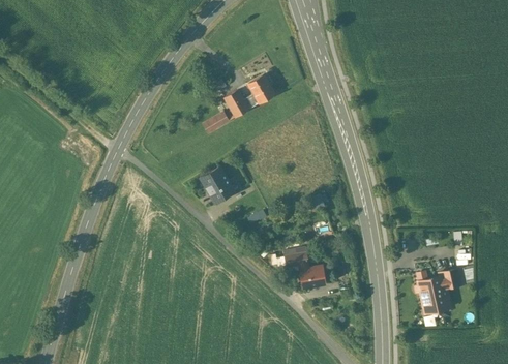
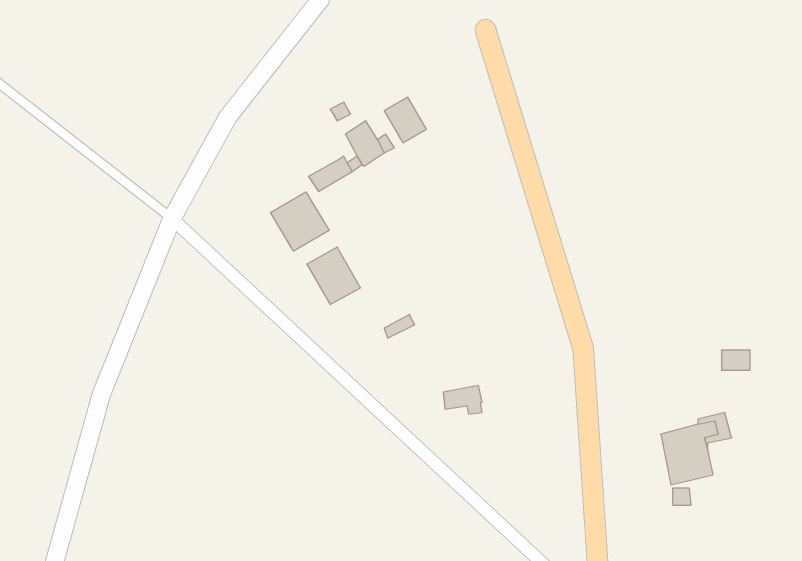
building: none -> [270,192,329,251]
building: [300,264,325,285] -> none

